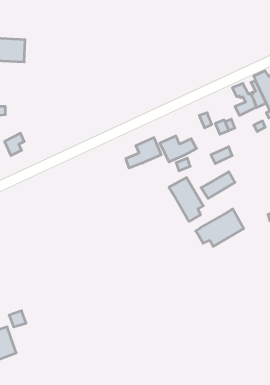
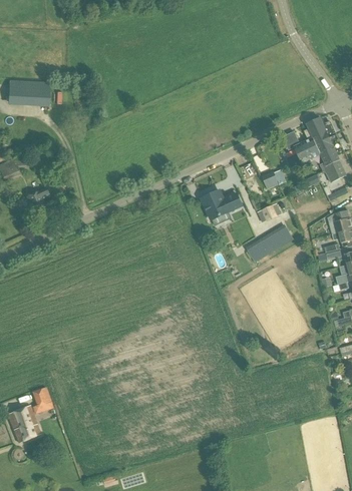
building: [126,138,161,168] -> none
building: [169,178,203,221] -> none
building: [196,209,244,246] -> none

